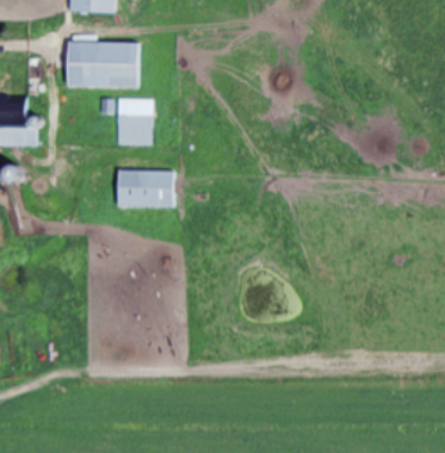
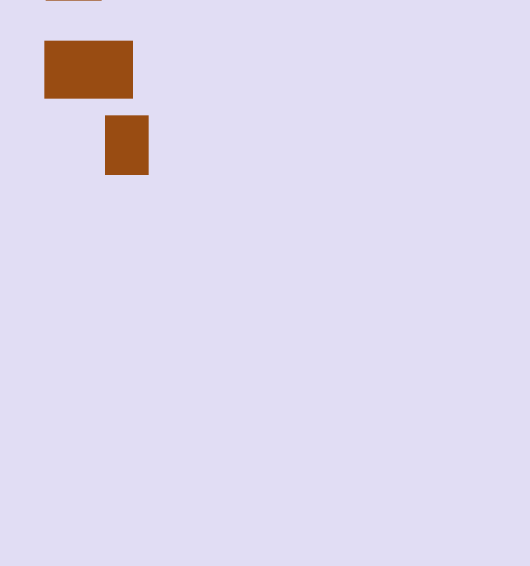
building: [118,170,174,206] -> none

